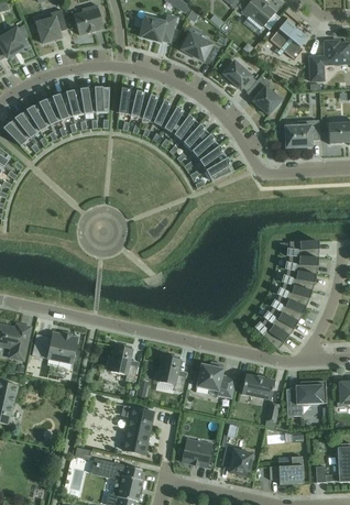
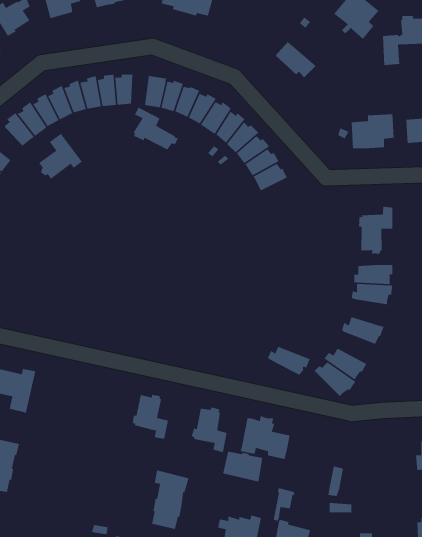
building: [181,32,220,65] -> none
building: [245,75,281,114] -> none
building: none -> [133,107,179,150]
building: none -> [38,133,83,180]
building: none -> [358,206,393,255]
building: [281,268,316,289] -> none
building: [270,295,305,319] -> [267,346,311,376]
building: [31,331,77,363] -> none
building: [241,373,274,399] -> [222,449,263,482]
building: [285,380,326,415] -> none

